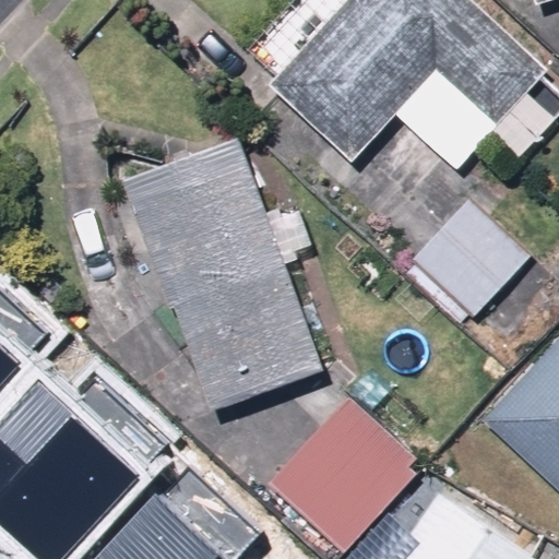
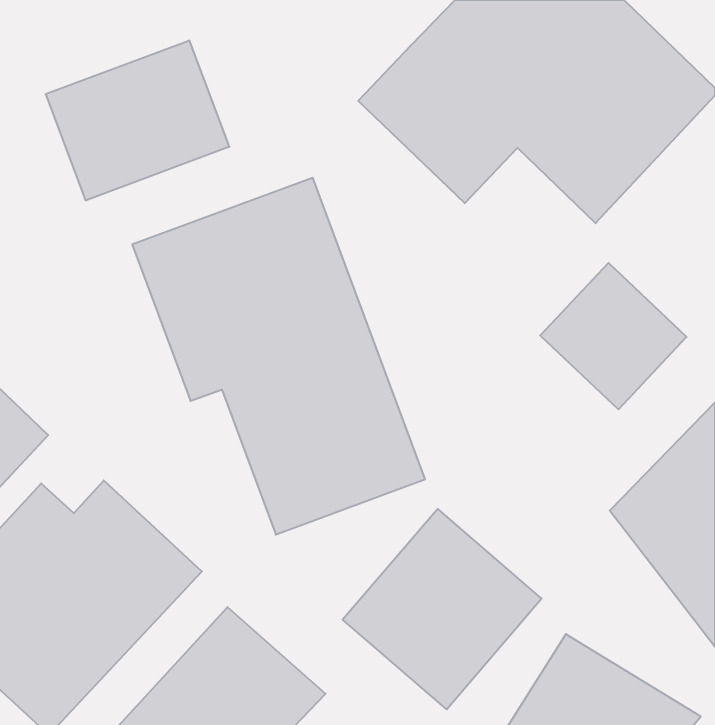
building: none -> [46,40,229,200]

